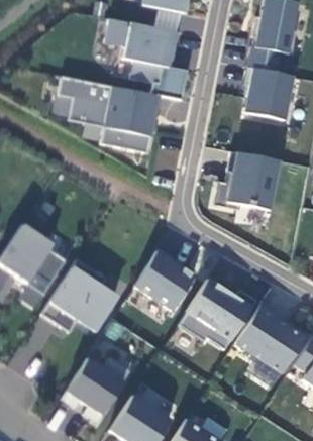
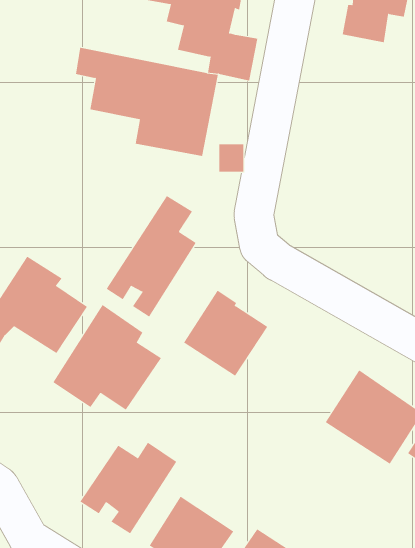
building: [244,67,295,120] -> none
building: [215,151,281,210] -> none
building: none -> [106,195,197,318]
building: [179,277,257,349] -> none

